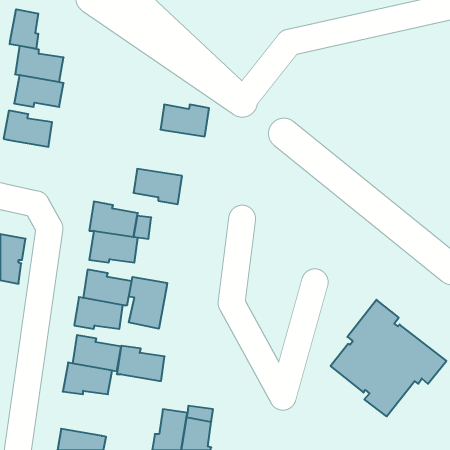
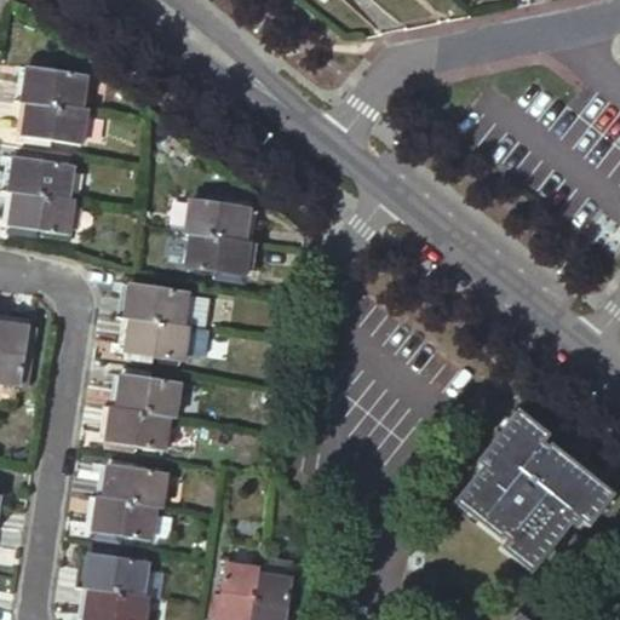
building: [10,9,38,49] -> none
building: [160,105,209,136] -> [185,196,252,240]
building: none -> [7,191,74,235]
building: [129,277,167,329] -> none
building: [117,346,165,381] -> [81,549,147,597]

